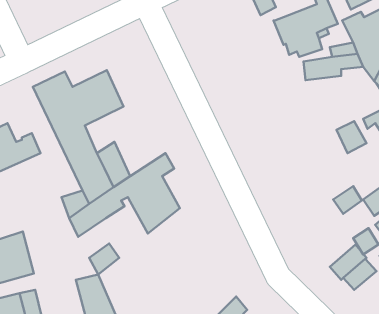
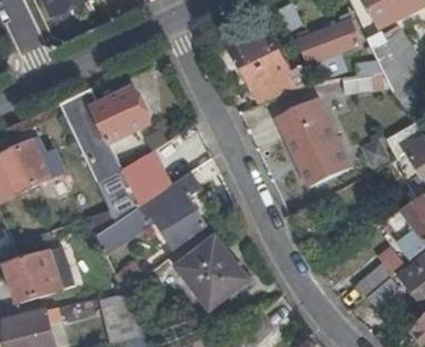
building: none -> [231,29,308,102]
building: none -> [275,96,350,185]
building: none -> [168,229,247,307]

